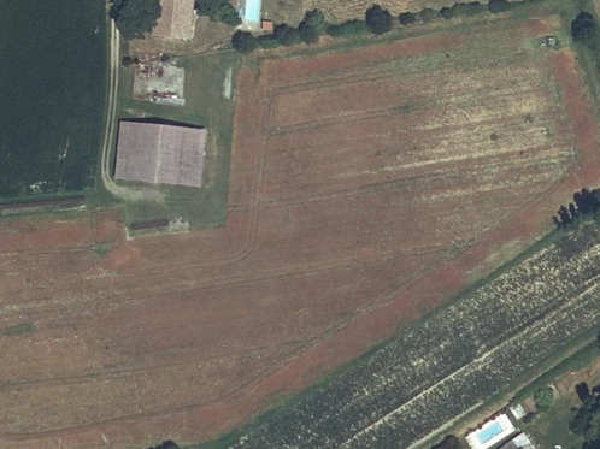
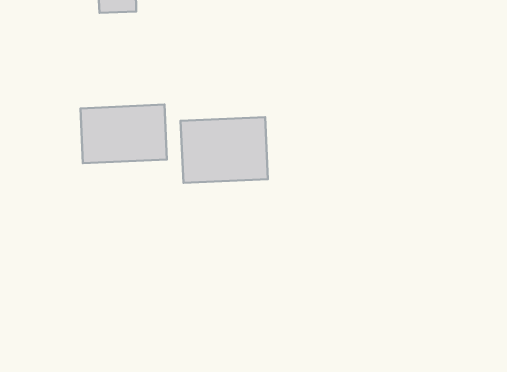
building: none -> [181,117,268,183]

